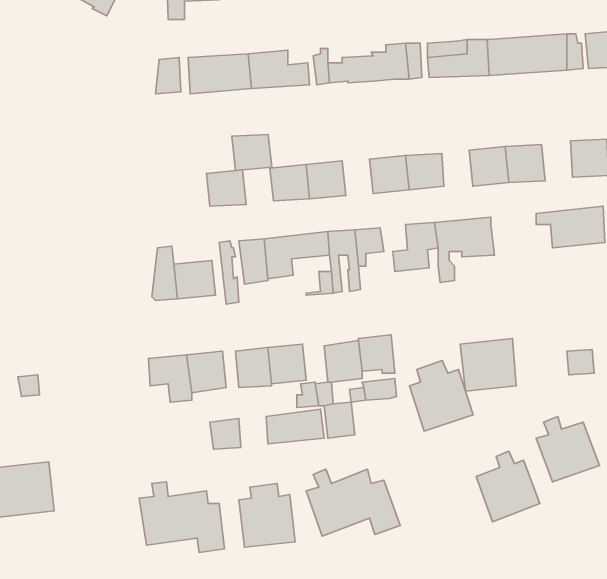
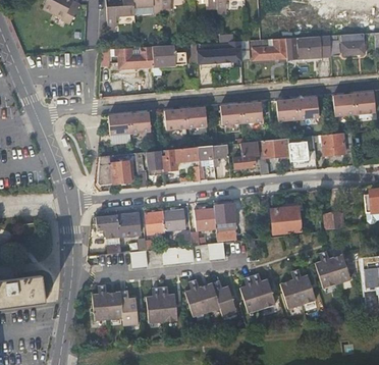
building: [232,134,272,171] -> [108,113,130,134]
building: none -> [288,136,315,161]
building: [410,361,473,431] -> [240,273,276,313]

